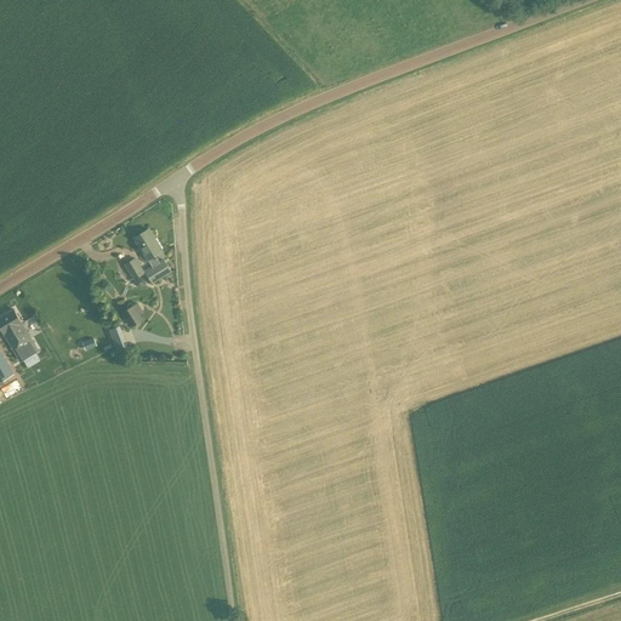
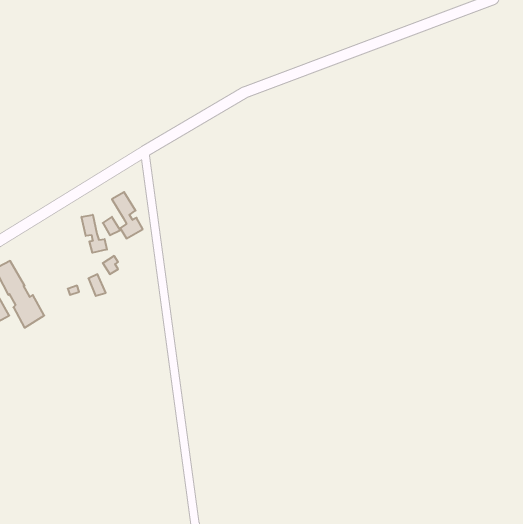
building: none -> [82,215,107,253]

